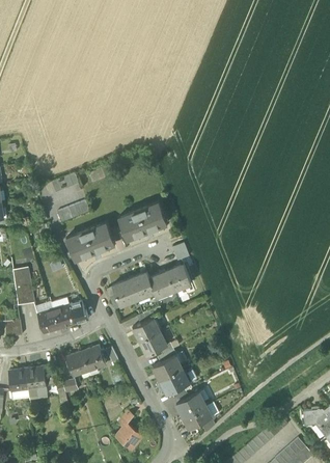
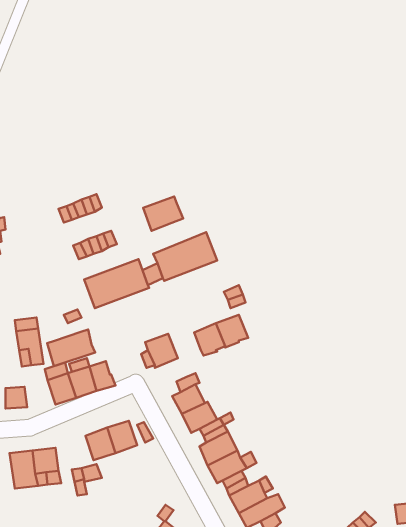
building: none -> [143,197,183,231]
building: [130,272,155,298] -> none
building: none -> [47,329,95,366]

